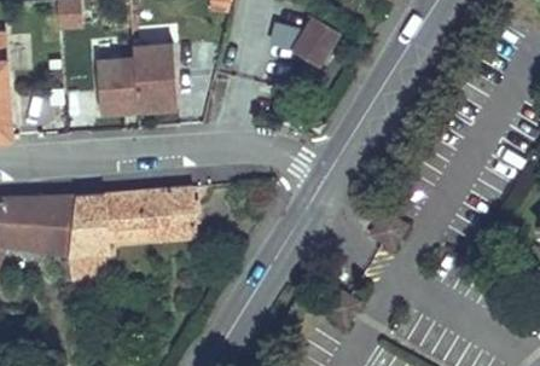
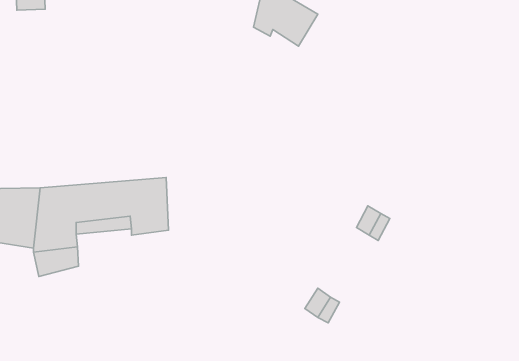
building: [93,40,174,114] -> none

